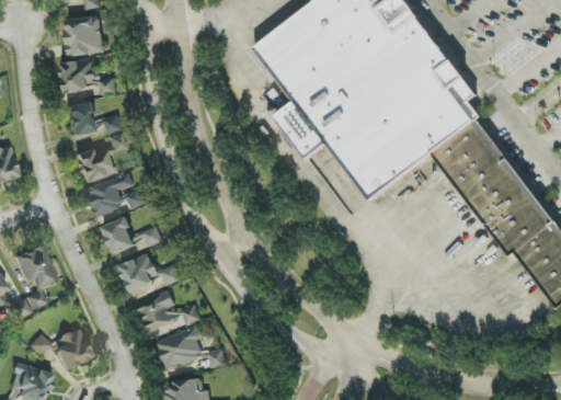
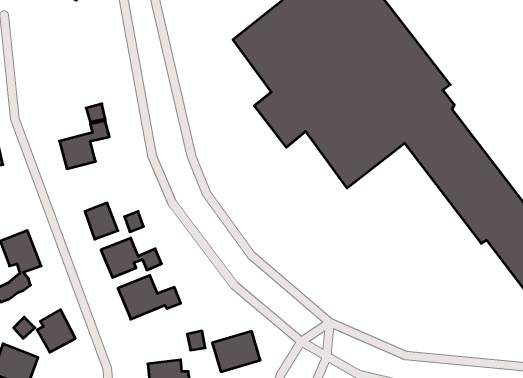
building: [62,15,103,57] -> none
building: [59,59,114,95] -> none
building: [66,102,94,135] -> none
building: [85,173,145,216] -> none
building: [154,328,204,369] -> [212,331,260,372]

